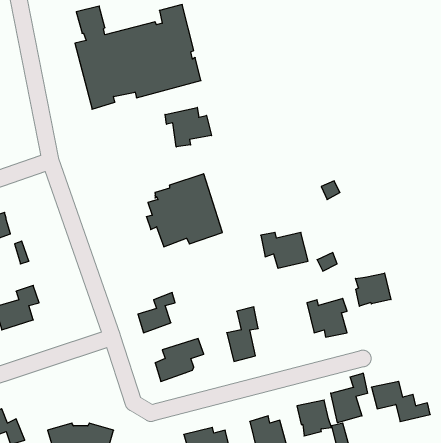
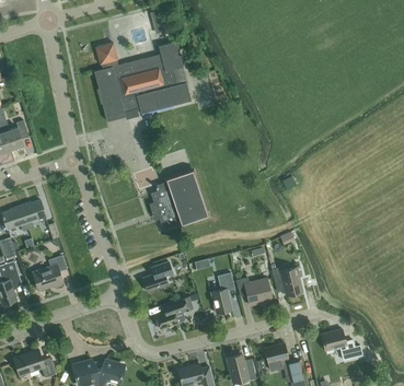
building: [165,107,211,147] -> none
building: [261,232,308,268] -> [236,278,273,305]
building: [356,273,391,306] -> none
building: [331,373,367,423] -> none

